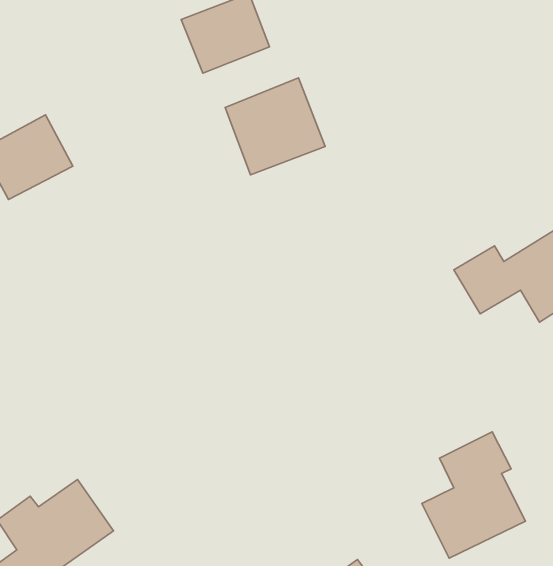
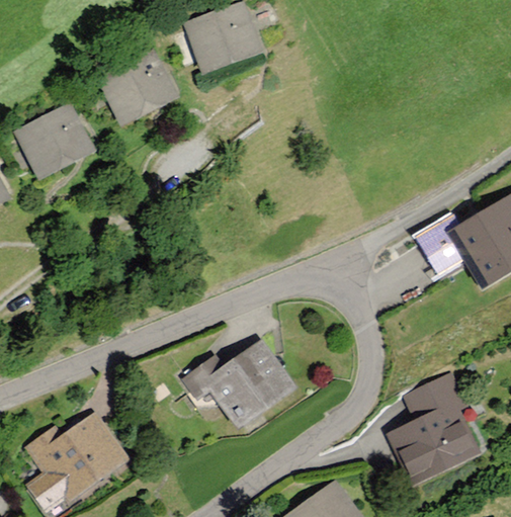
building: none -> [97,52,175,122]
building: [225,78,325,175] -> none
building: none -> [183,340,294,426]

